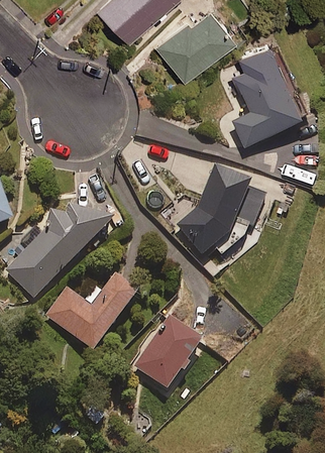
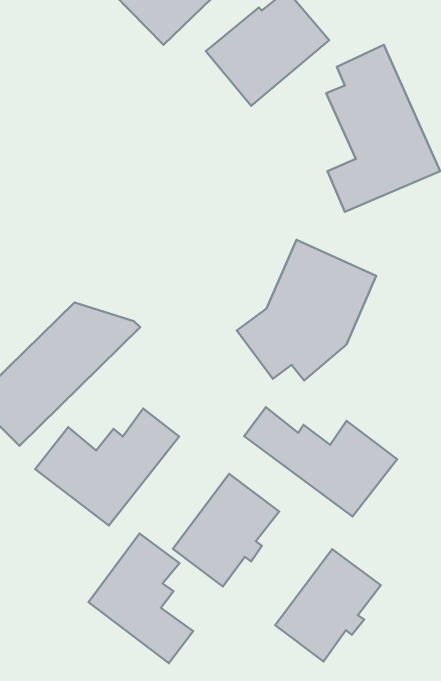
building: none -> [244,407,397,517]
building: none -> [89,534,193,663]
building: none -> [275,549,381,661]

